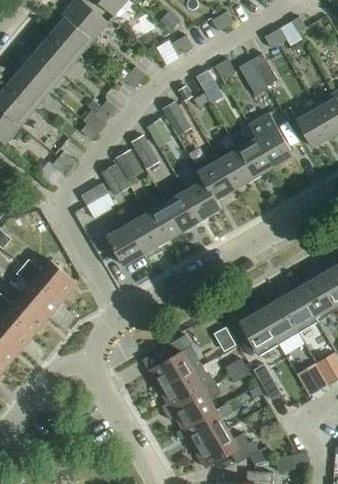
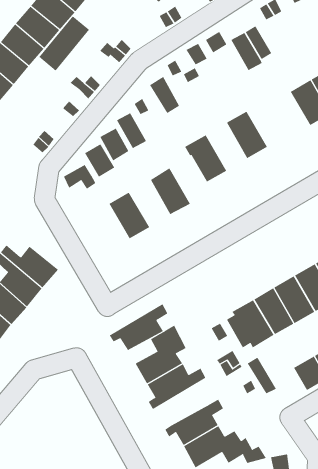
building: none -> [38,15,90,71]
building: [248,114,293,167] -> none
building: [215,144,254,190] -> none
building: [181,175,222,221] -> none
building: [143,198,181,243] -> none
building: [104,221,143,266] -> none
building: [165,384,221,428] -> [109,304,168,351]

